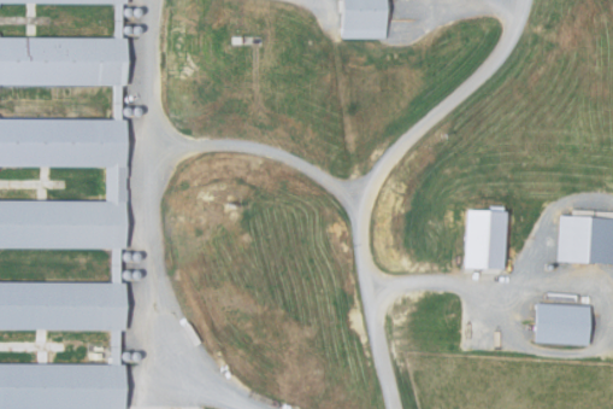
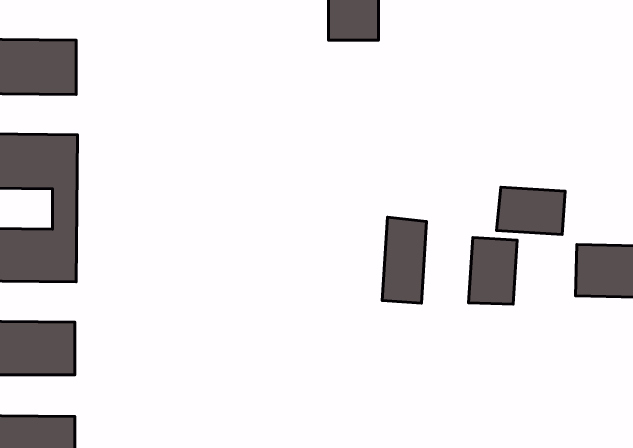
building: none -> [497,187,565,235]
building: none -> [382,217,427,303]
building: [531,304,588,347] -> none

